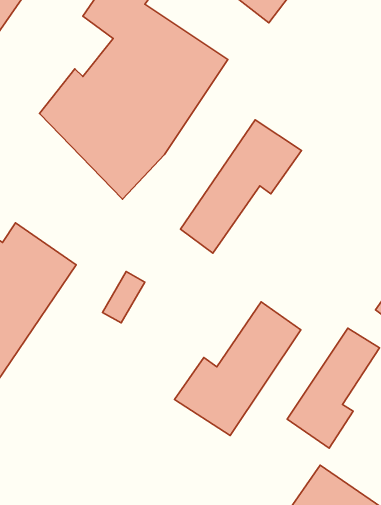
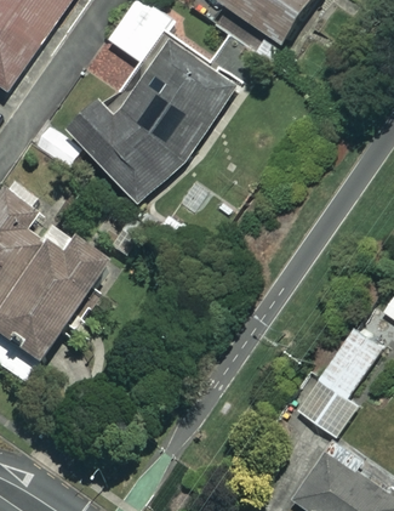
building: [180,120,302,253] -> none
building: [175,302,301,436] -> none

